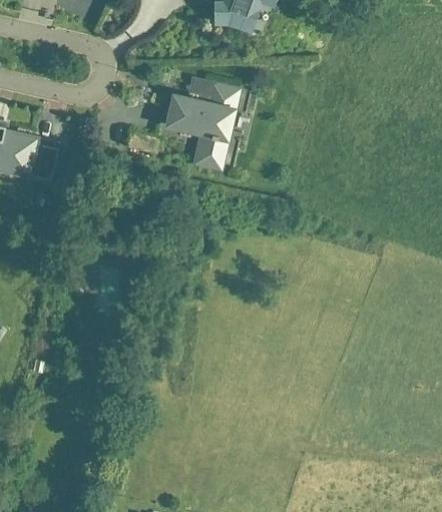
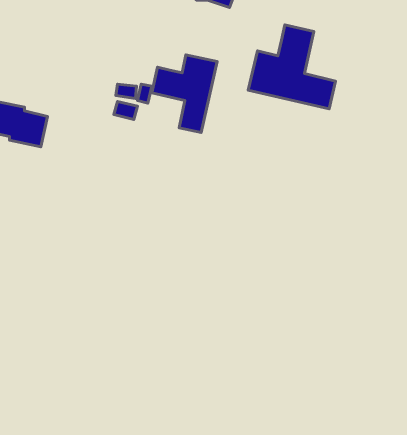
building: none -> [248,25,336,109]

